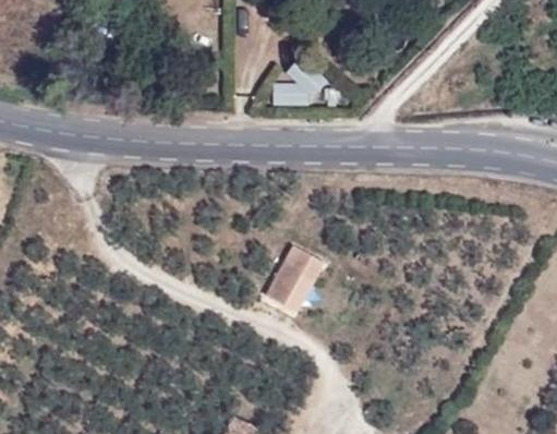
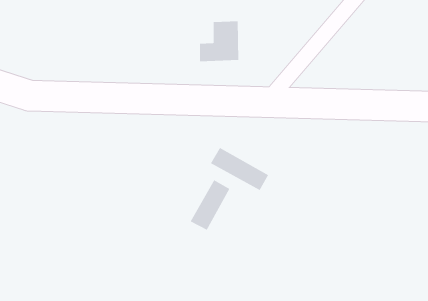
building: none -> [210,147,269,191]

